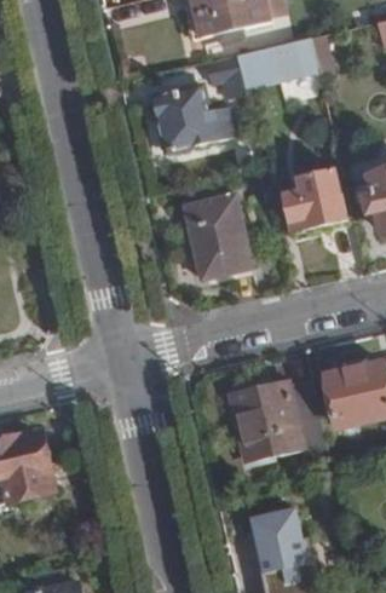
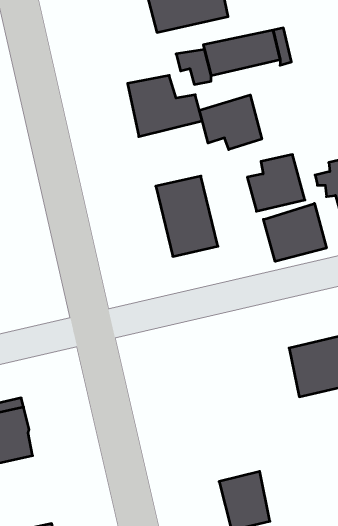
building: none -> [199,95,262,150]
building: none -> [263,203,326,261]
building: [227,380,328,464] -> none

